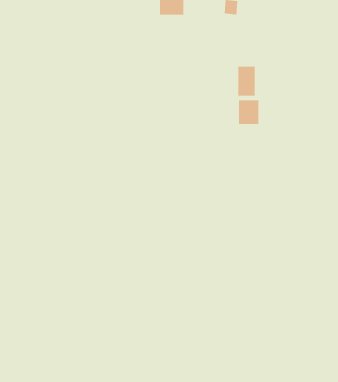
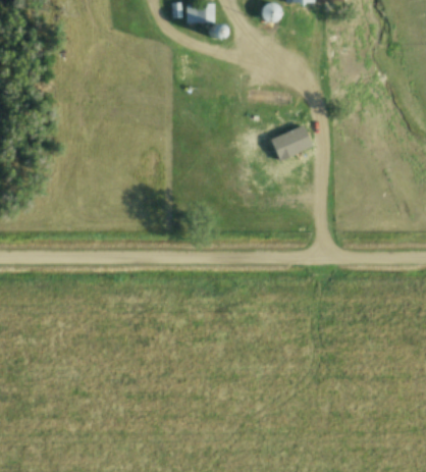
building: [238,66,255,97] -> none

